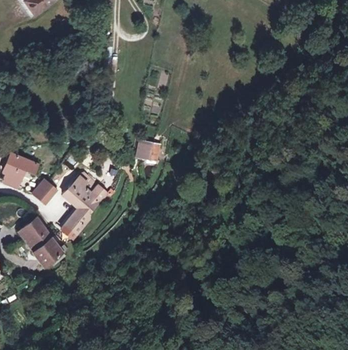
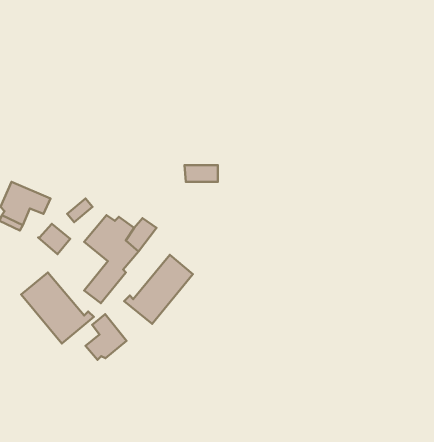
building: none -> [124,255,193,324]
building: none -> [85,314,127,360]

